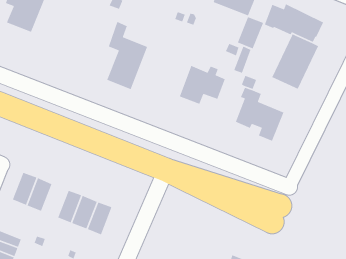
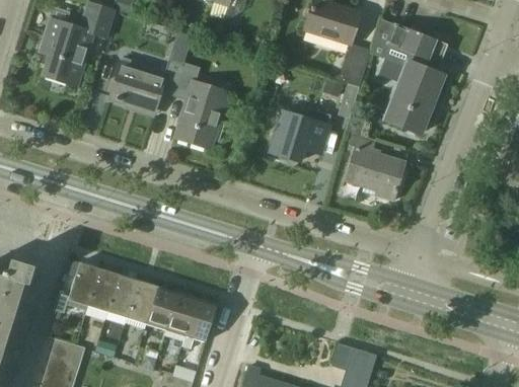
building: none -> [110,59,184,110]
building: none -> [107,275,139,317]
building: none -> [186,298,216,341]

